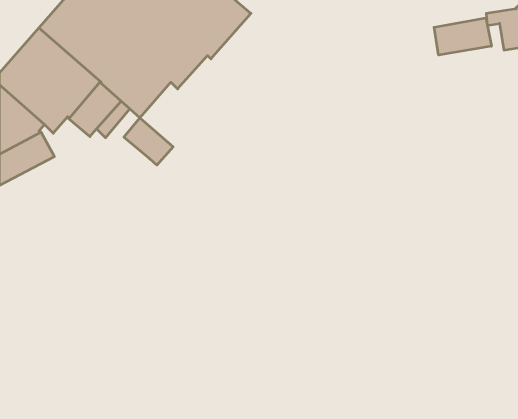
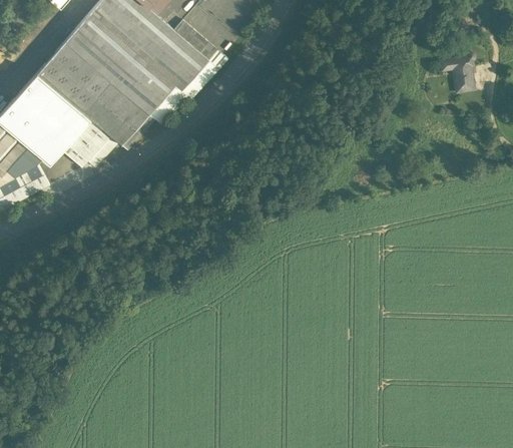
building: [434,18,491,55] -> none
building: [124,118,173,165] -> none

